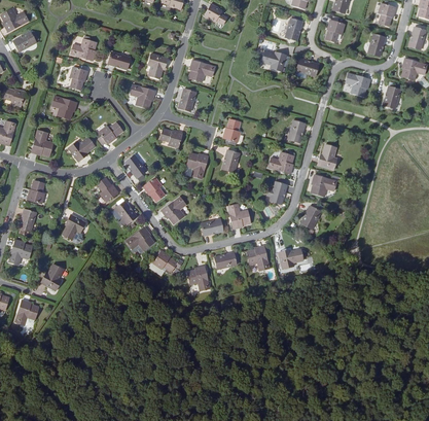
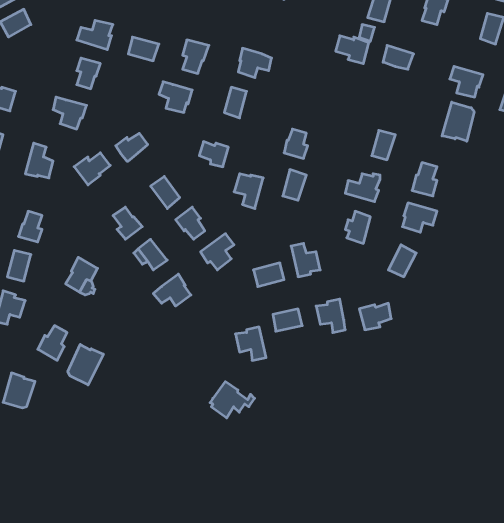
building: none -> [442,102,474,141]
building: [149,249,182,276] -> [210,382,255,418]
building: none -> [68,344,103,385]

